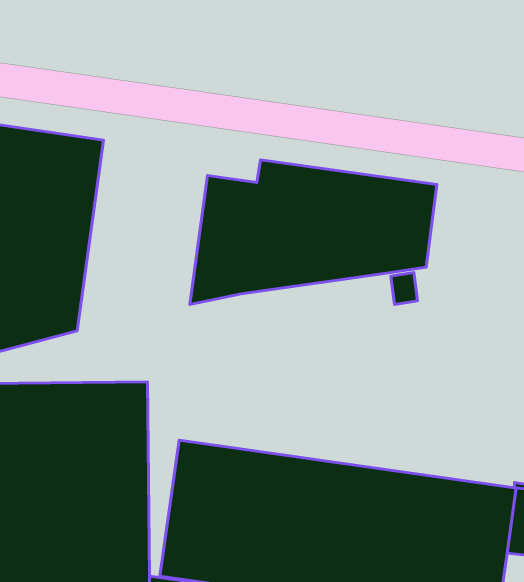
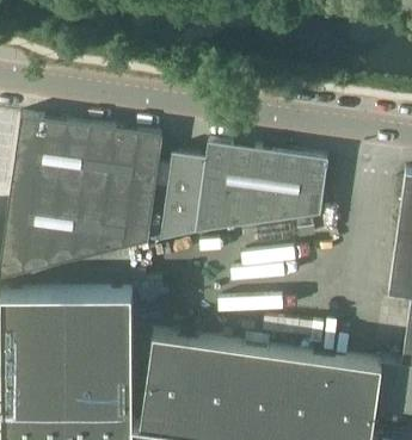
building: none -> [84,129,162,258]

